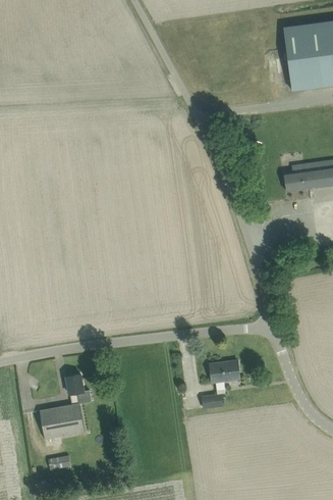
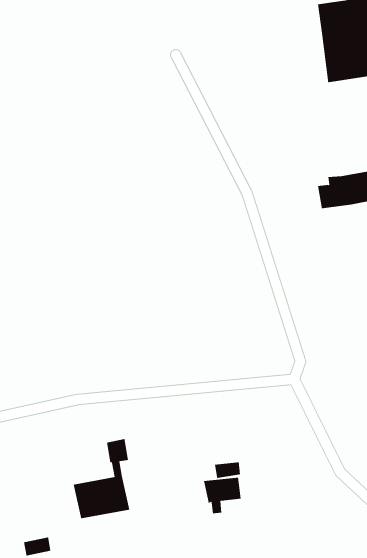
building: [209,361,239,391] -> [203,477,241,514]
building: [39,374,85,439] -> [73,439,130,519]

